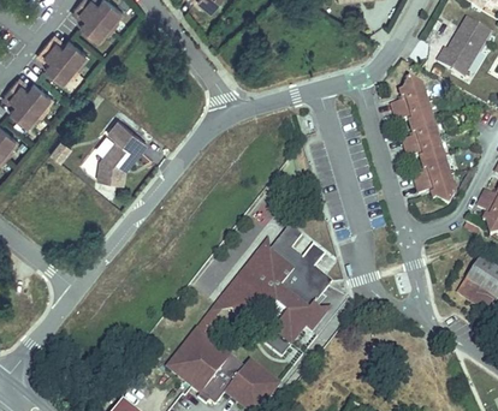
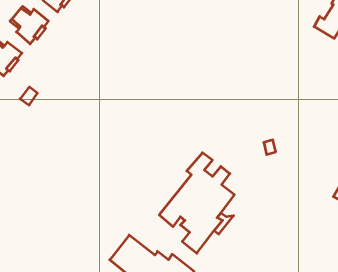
building: [387,64,450,191] -> none
building: [96,131,144,184] -> none
building: [194,239,275,361] -> none

